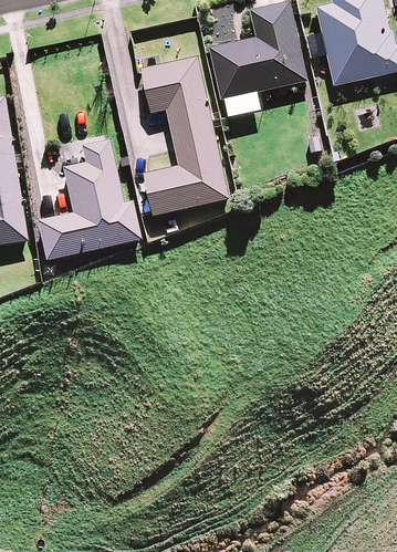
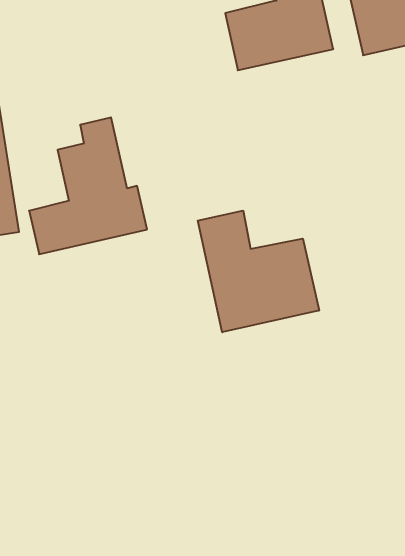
building: [140,54,229,216] -> none
building: none -> [198,211,319,332]

